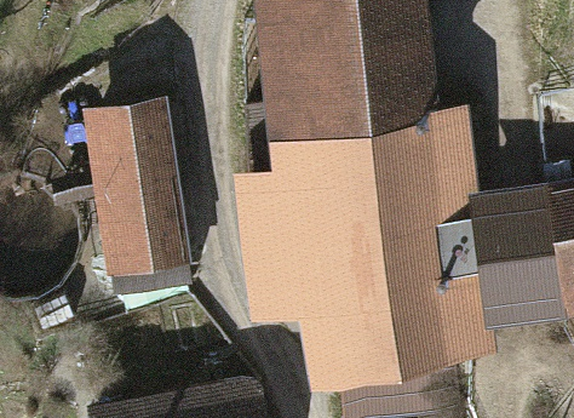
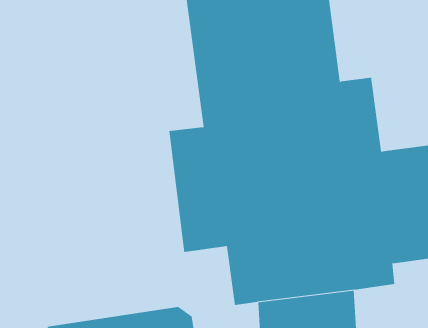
building: [82,98,194,298] -> none

